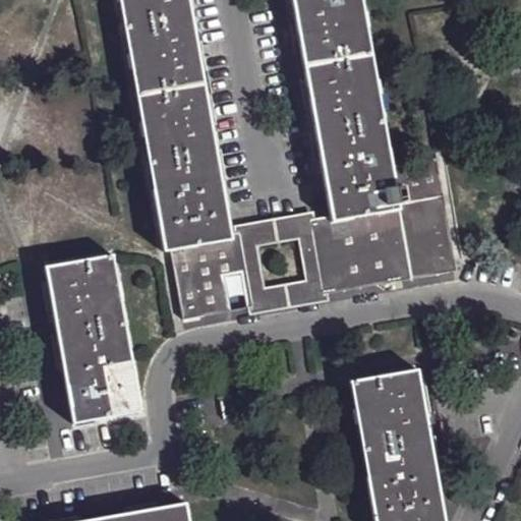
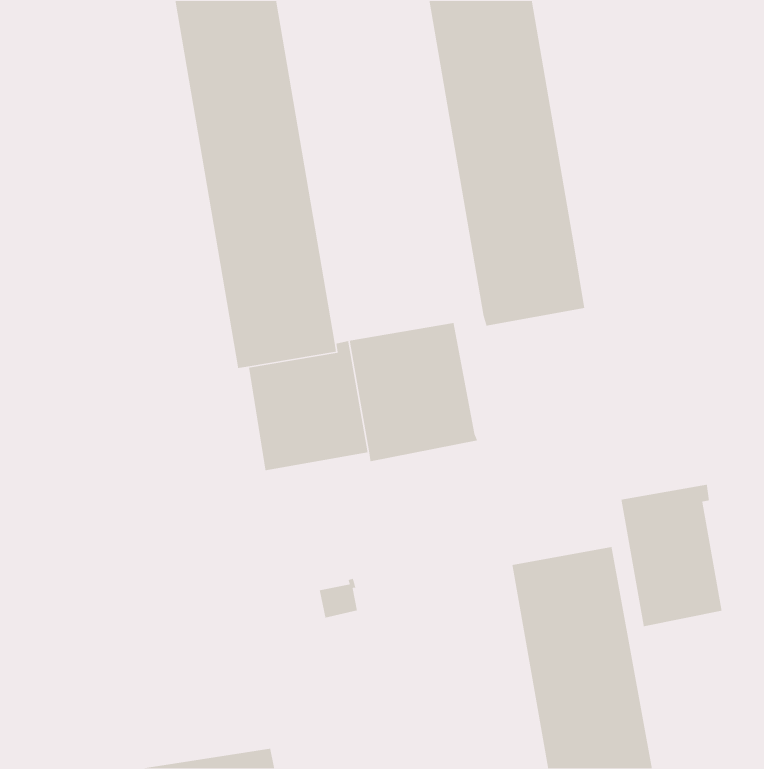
building: [310,158,457,293] -> none
building: [45,253,140,424] -> none
building: none -> [621,484,723,627]

